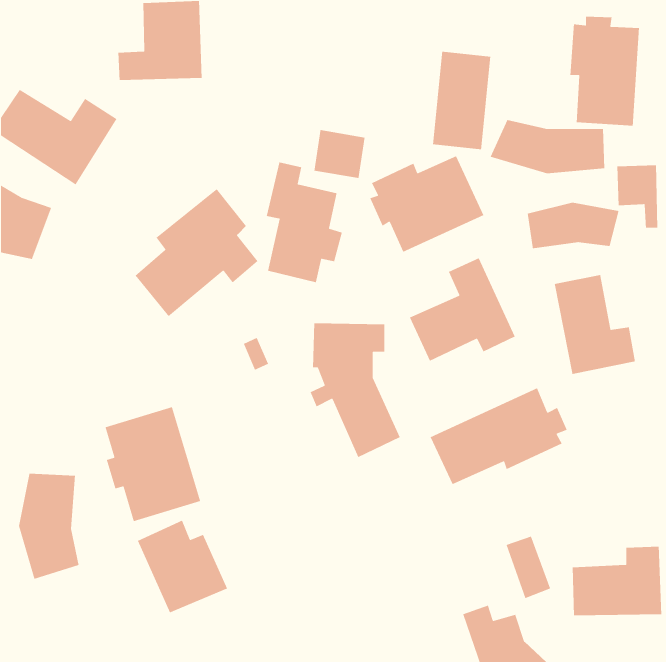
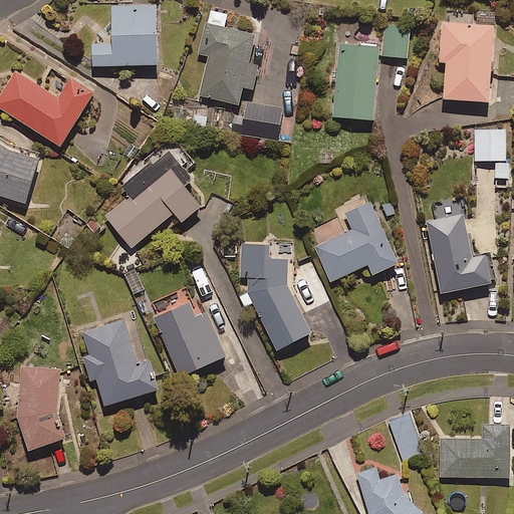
building: none -> [382,26,411,60]
building: [490,119,605,174] -> none
building: [369,155,484,253] -> none
building: [266,162,343,283] -> [199,12,258,105]
building: [527,202,620,249] -> none
building: [430,387,568,485] -> none
building: [137,520,228,614] -> [158,308,228,380]

